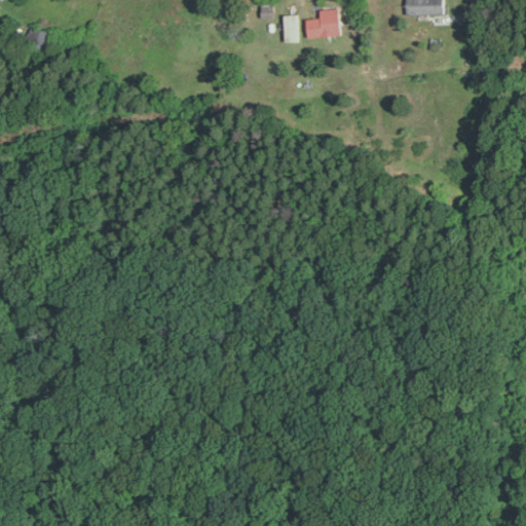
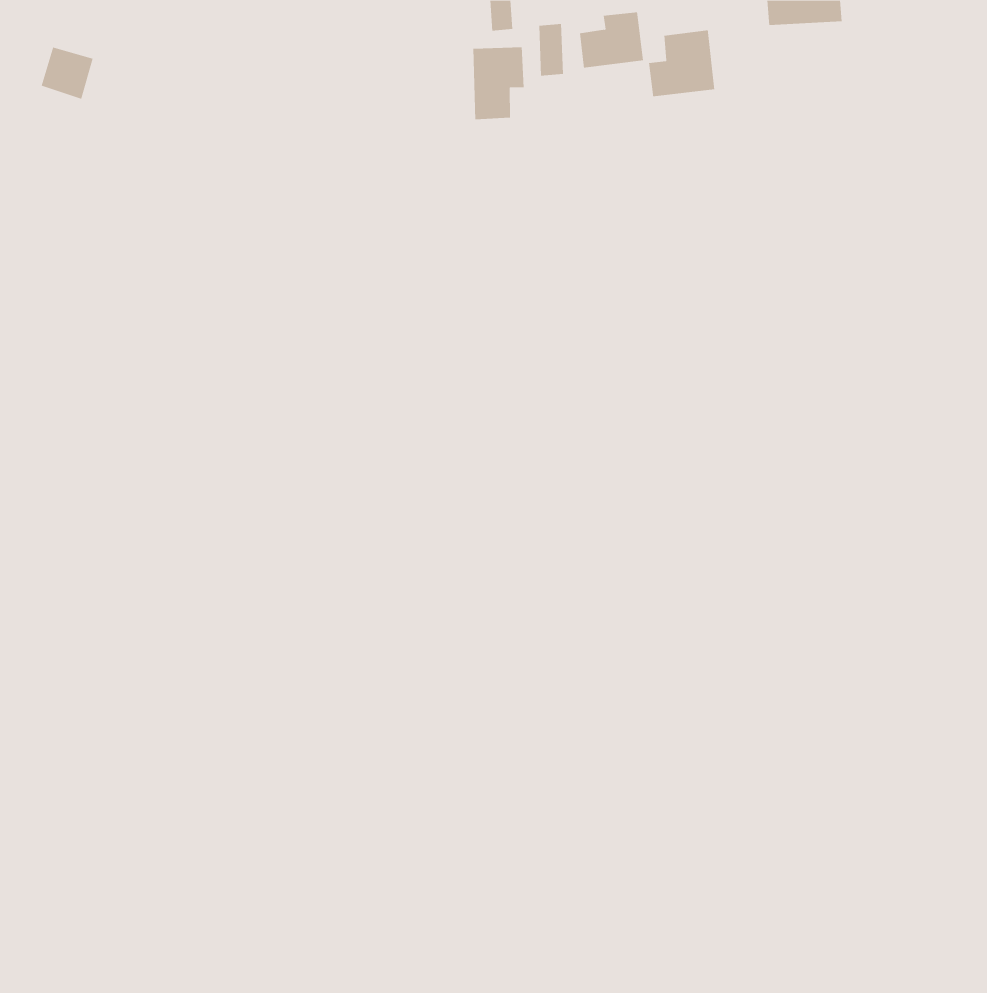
building: none -> [648,30,715,97]
building: none -> [473,46,524,120]

